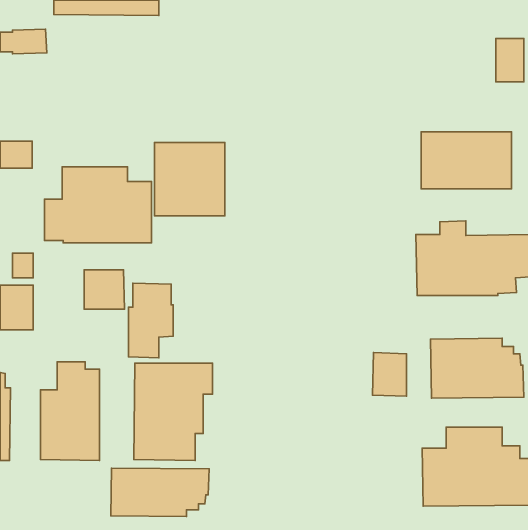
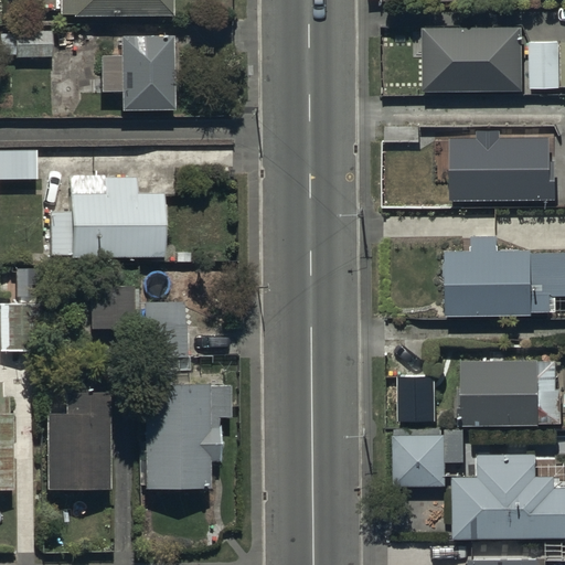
building: none -> [425,26,521,90]
building: none -> [82,38,172,113]
building: [154,142,225,216] -> none
building: none -> [393,428,463,486]
building: [111,468,209,517] -> none

